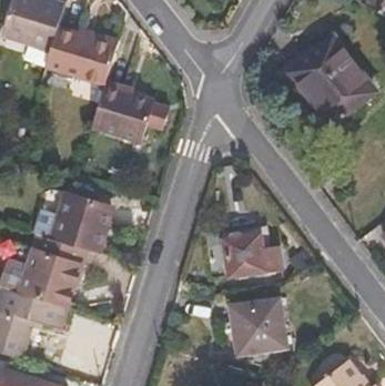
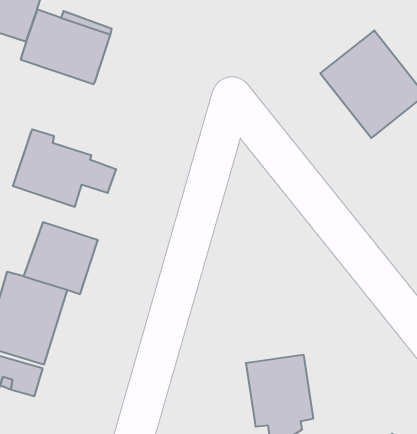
building: [91,79,174,141] -> [13,129,116,207]
building: [221,232,280,276] -> none

